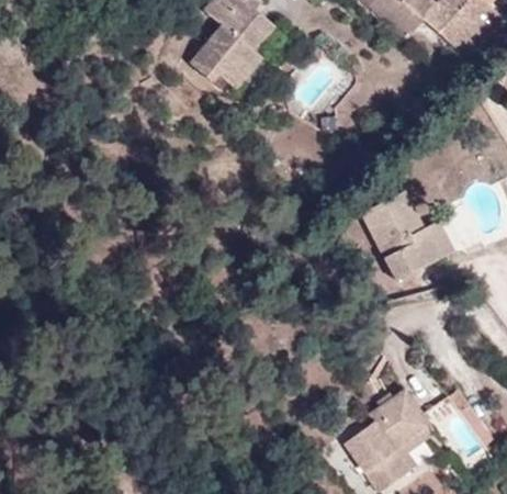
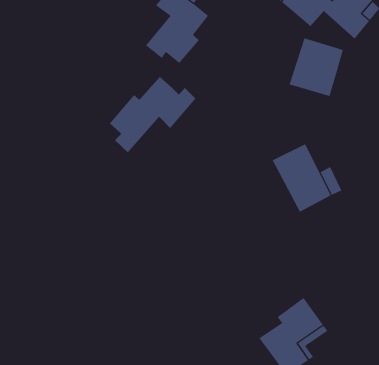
building: none -> [289,37,344,97]
building: none -> [109,76,196,153]

